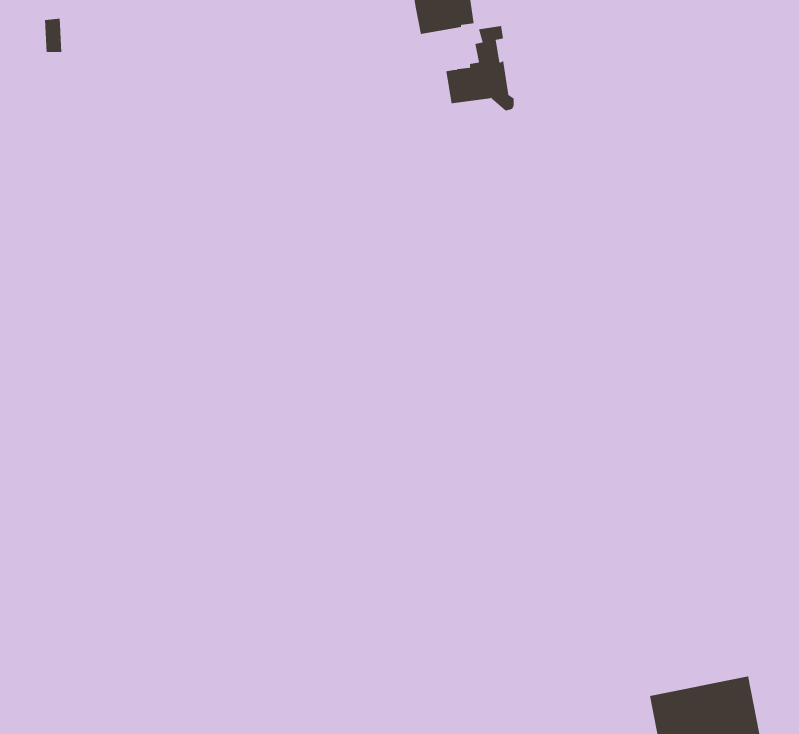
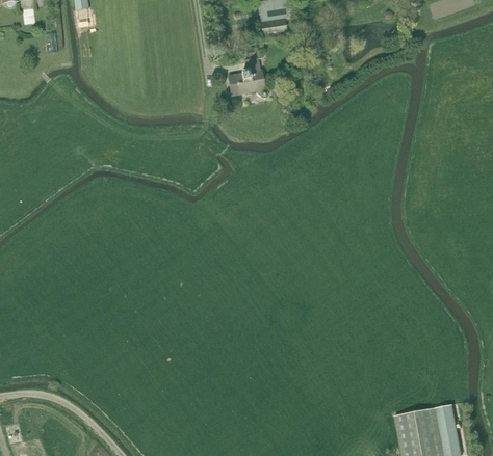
building: [446,26,515,111] -> [228,49,267,98]

